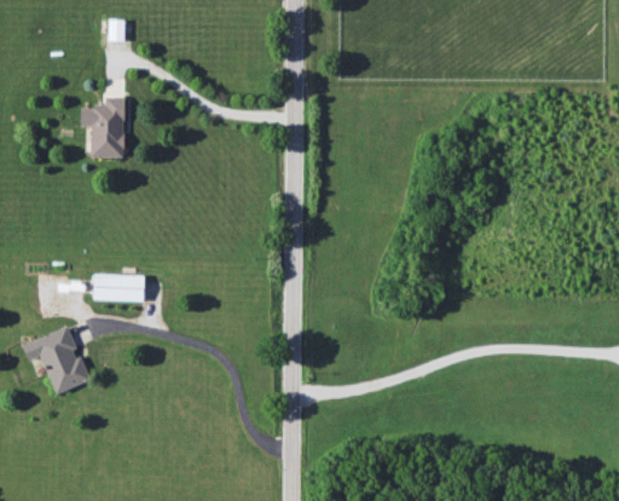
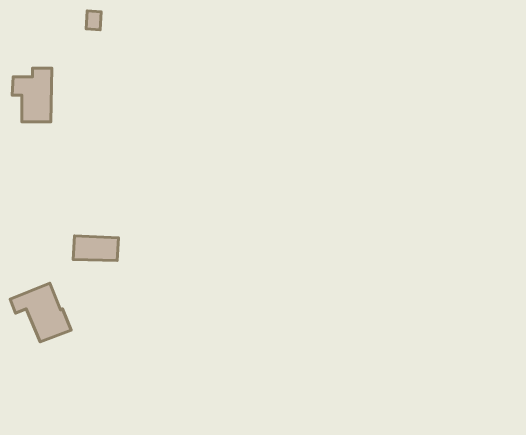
building: [80,97,125,157] -> [12,68,52,122]

